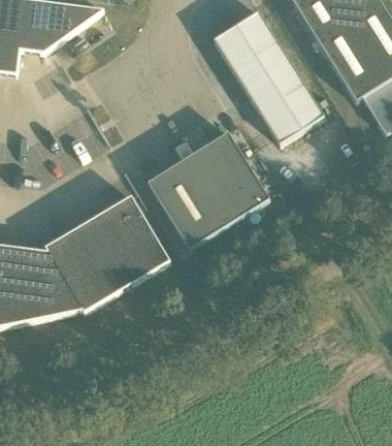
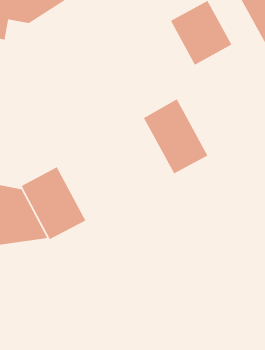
building: [247,62,324,142] -> none
building: [148,156,229,247] -> none
building: [88,194,170,284] -> none

